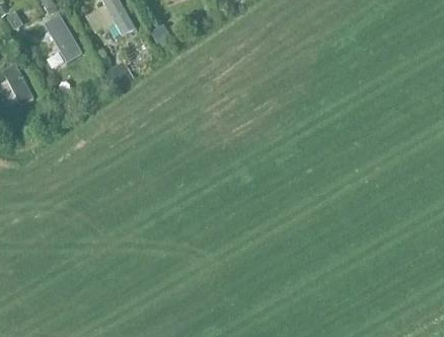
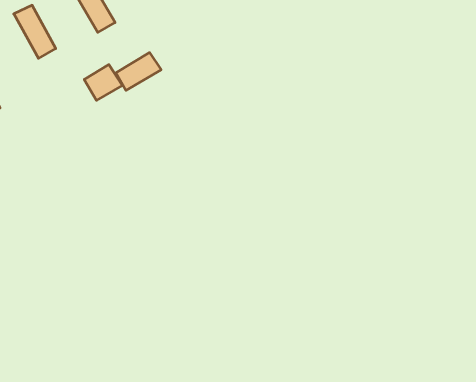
building: none -> [116,53,161,90]

